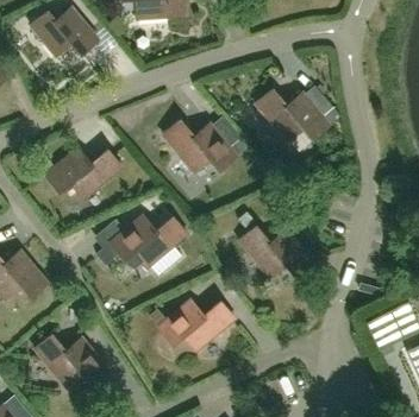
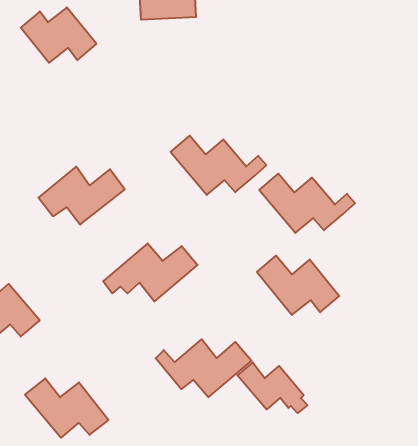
building: [255,89,339,141] -> [259,174,355,233]
building: none -> [237,362,307,413]

